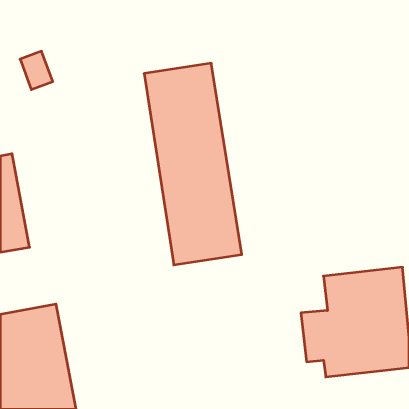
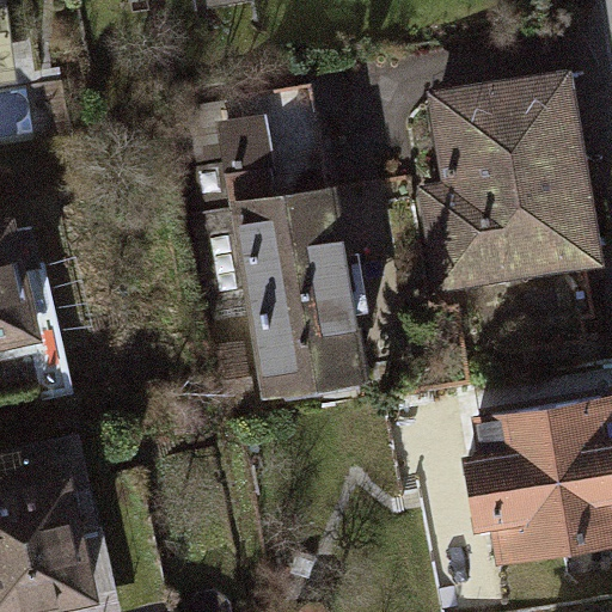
building: none -> [426,76,601,292]

